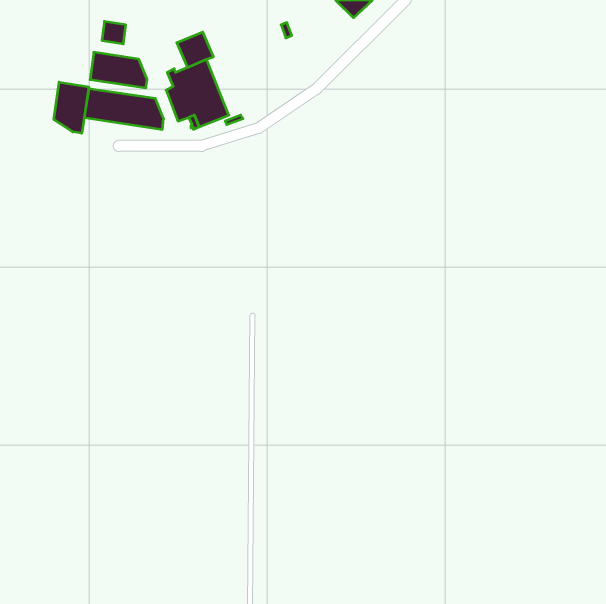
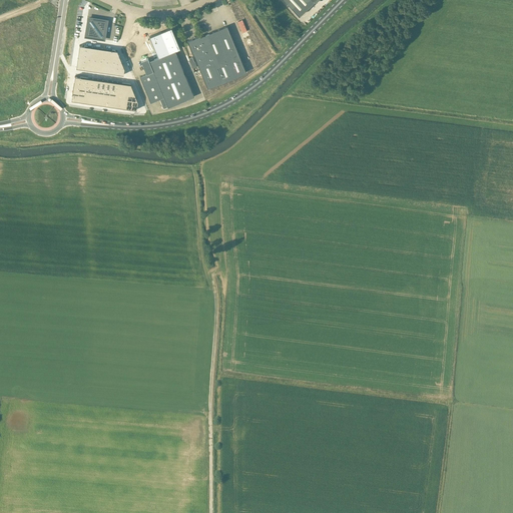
building: none -> [187,28,246,90]
building: [54,82,89,133] -> none

